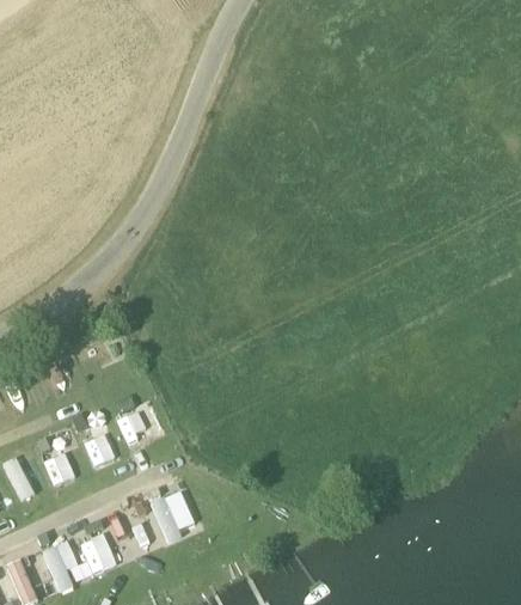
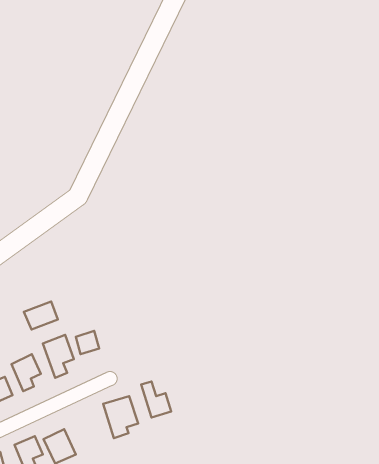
building: none -> [24,301,58,329]
building: none -> [141,382,171,417]

